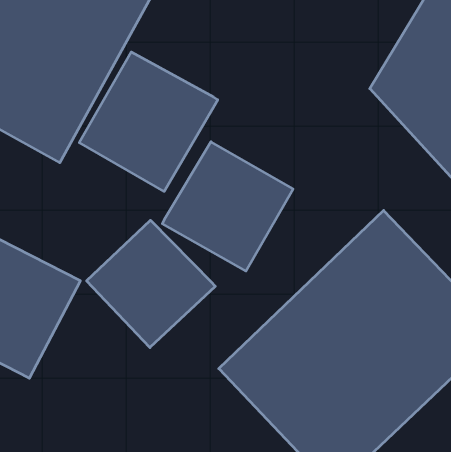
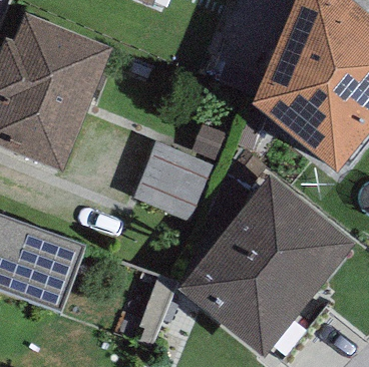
building: [79,52,218,191] -> none
building: [87,220,215,348] -> none

